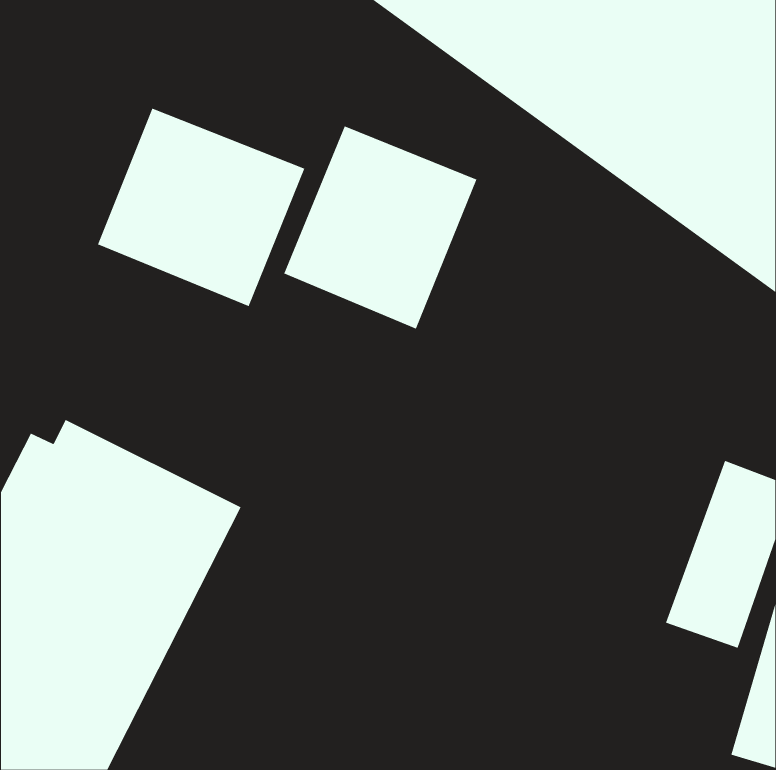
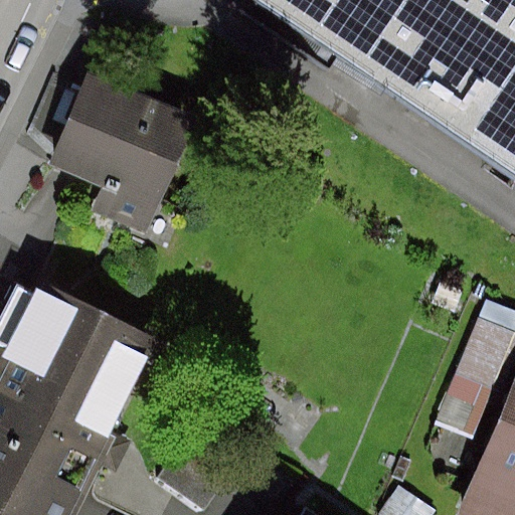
building: [283,126,477,330] -> none

